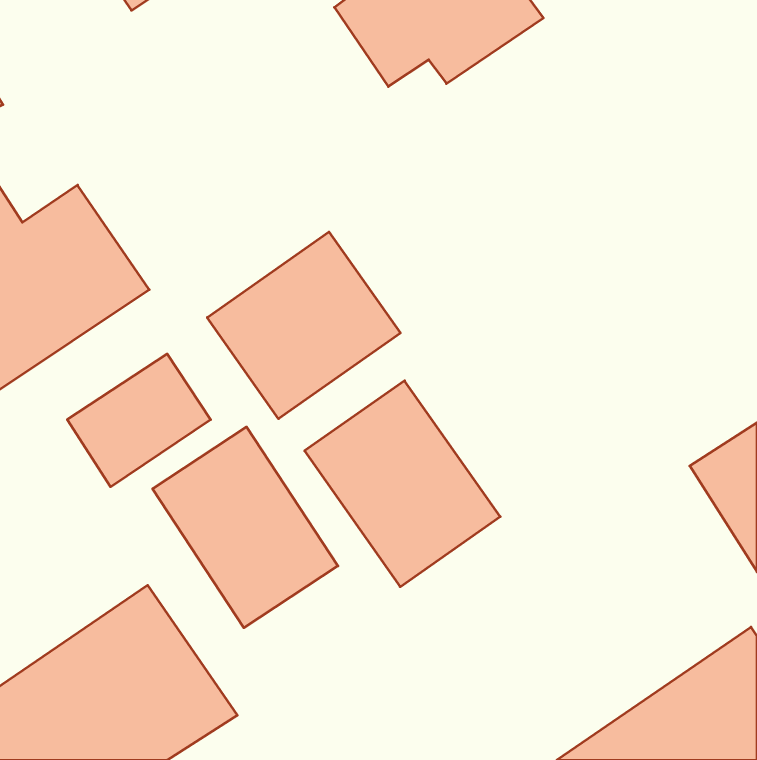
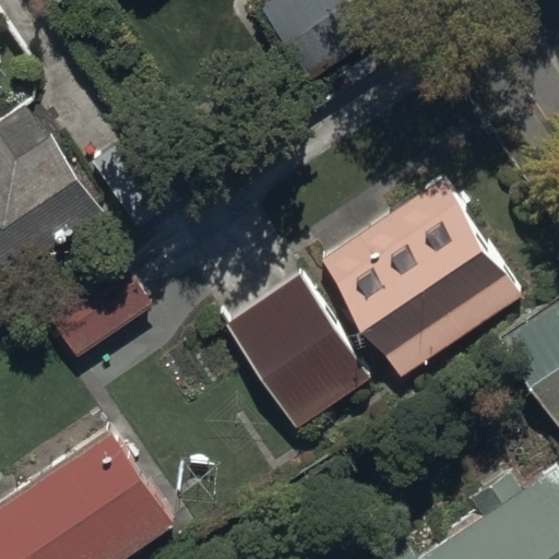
building: [207,232,400,419] -> none
building: none -> [319,177,522,378]
building: [153,427,338,628] -> none

